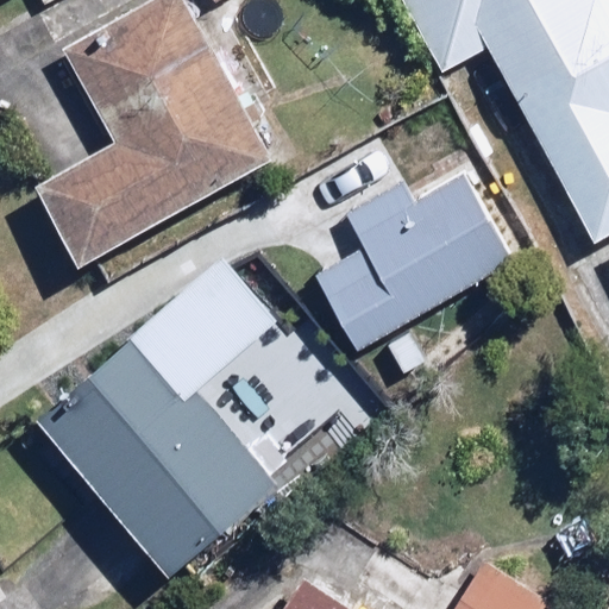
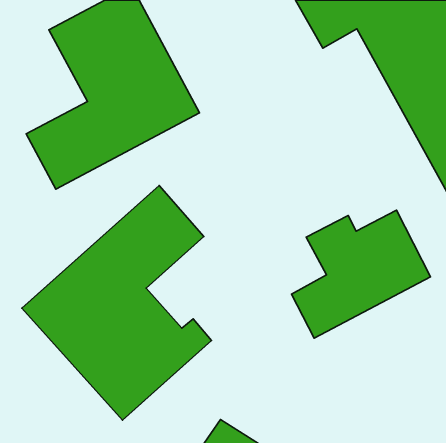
building: [324,176,513,350] -> [291,210,431,338]

